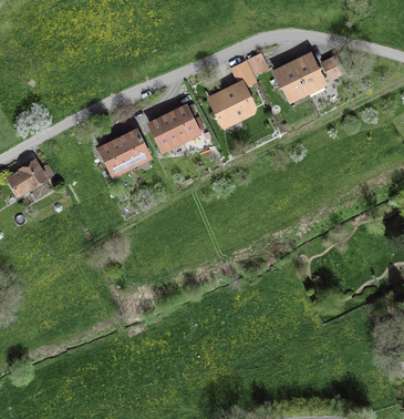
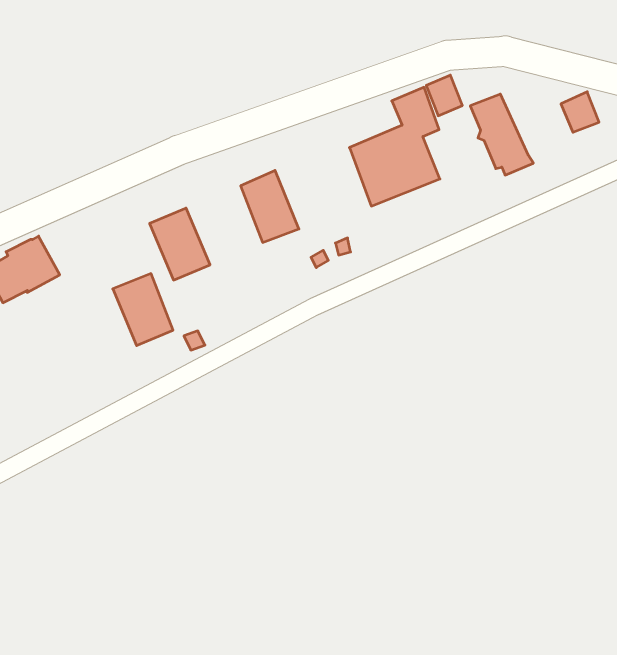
building: [290,50,328,94] -> none
building: [166,102,203,144] -> none
building: [117,126,153,167] -> [113,274,173,346]

